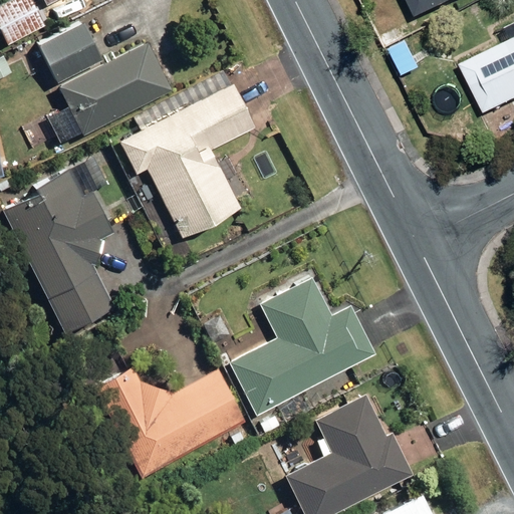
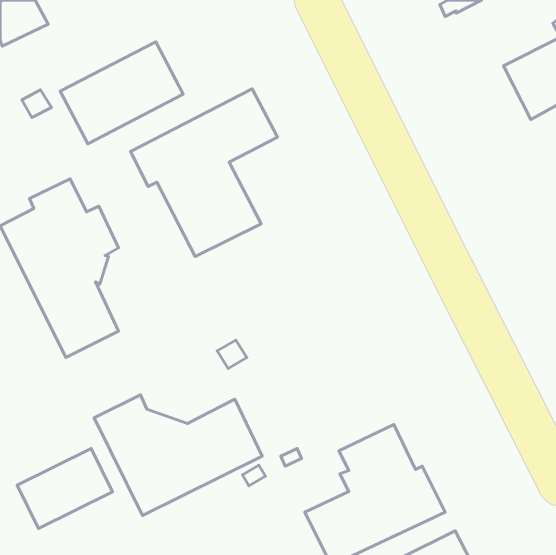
building: [39,24,102,83] -> none
building: [225,276,377,415] -> none
building: none -> [17,448,112,529]

